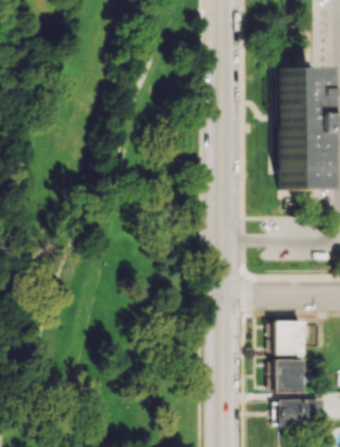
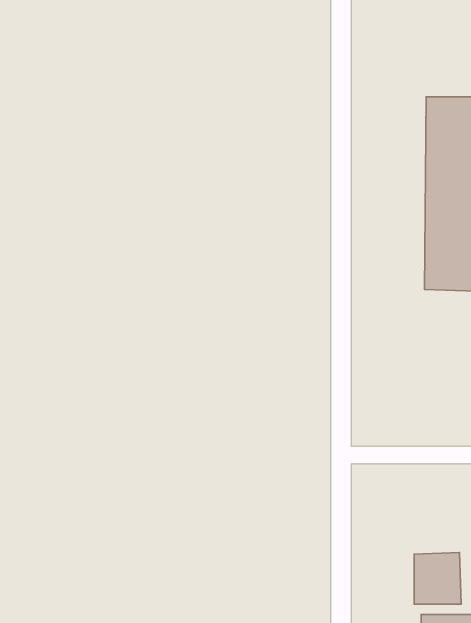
building: [273,320,304,355] -> none

